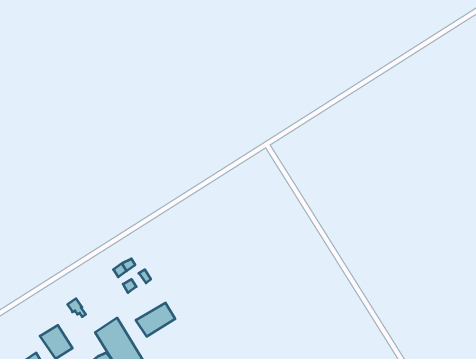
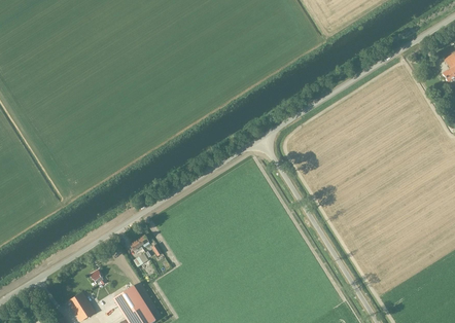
building: [136,303,175,336] -> none

